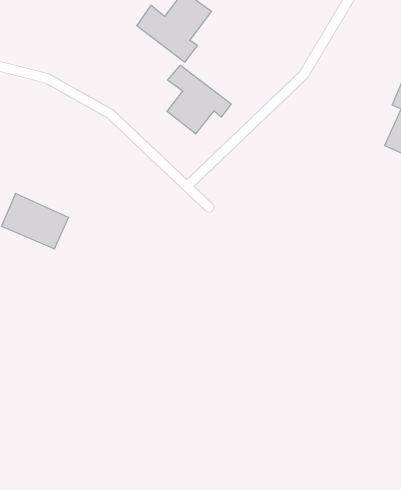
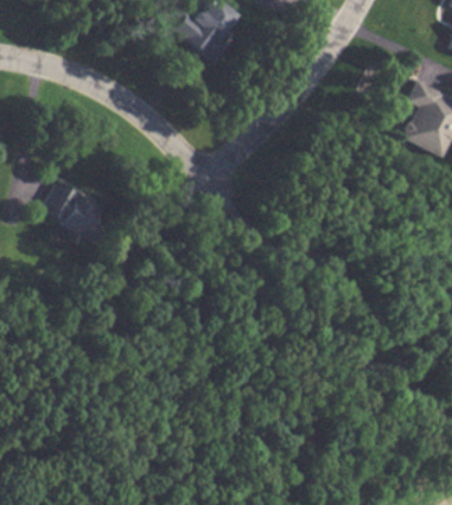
building: [167,65,231,134] -> none

